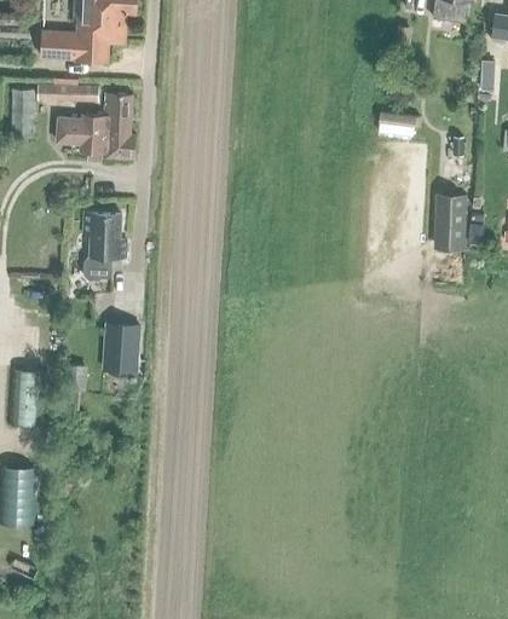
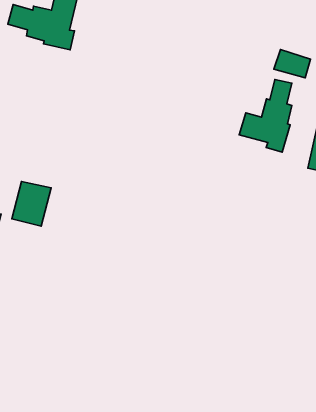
building: none -> [239,79,292,152]
building: [81,210,126,280] -> none

